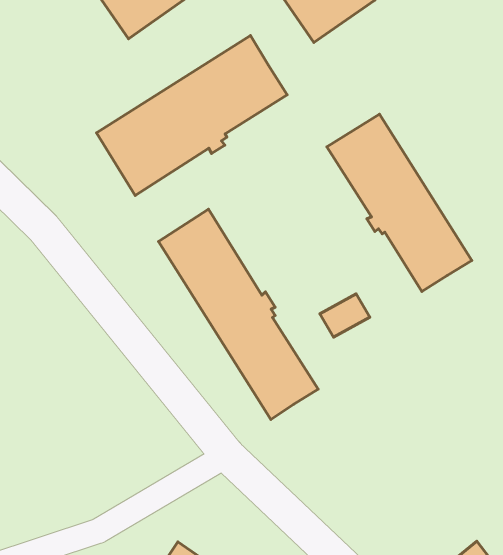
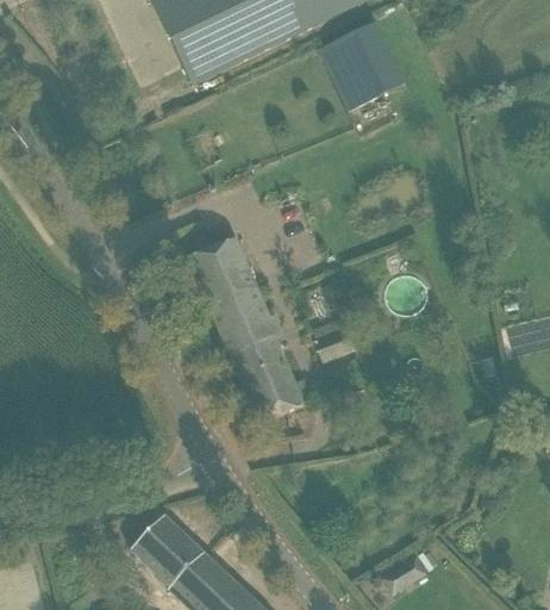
building: [96,36,287,195] -> none
building: [327,114,472,292] -> none

